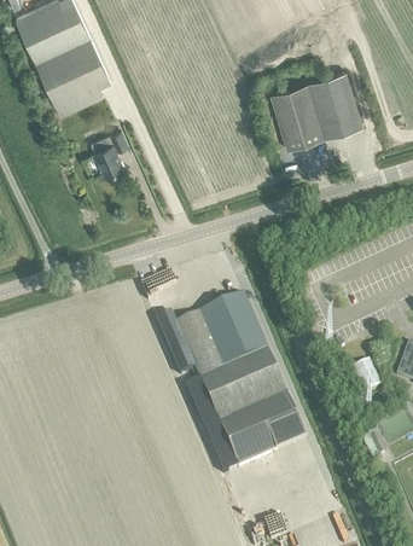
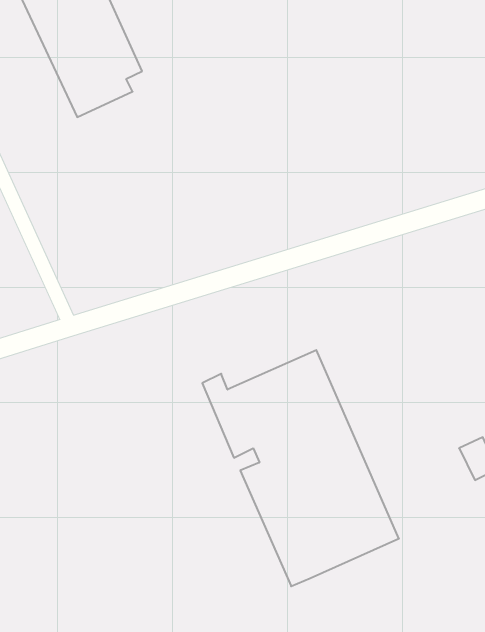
building: [269,70,362,149] -> none
building: [91,130,128,175] -> none

